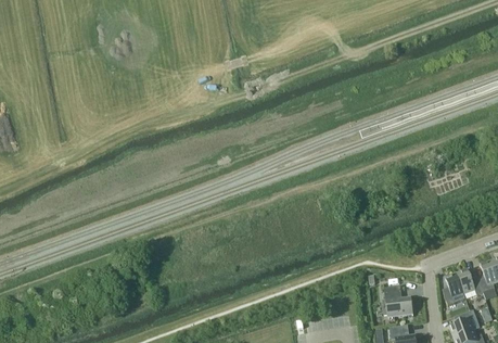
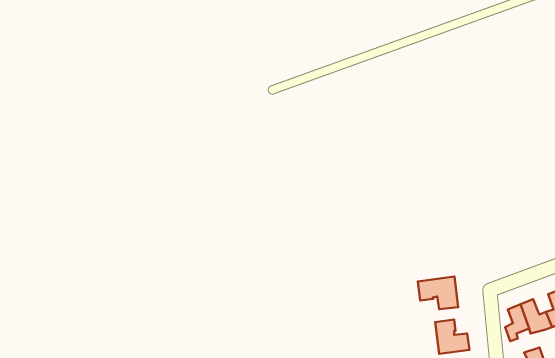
building: none -> [418,277,458,309]

